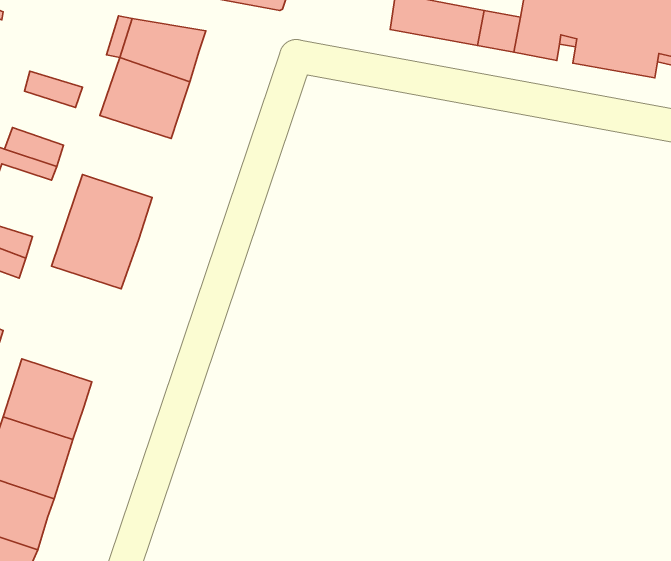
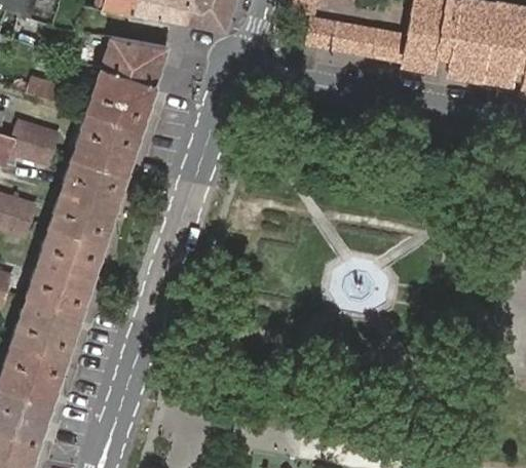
building: none -> [74,112,142,174]
building: none -> [28,227,104,315]

